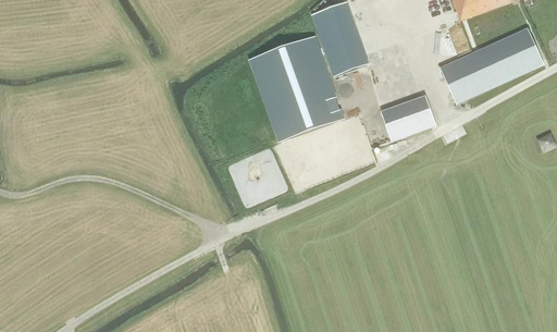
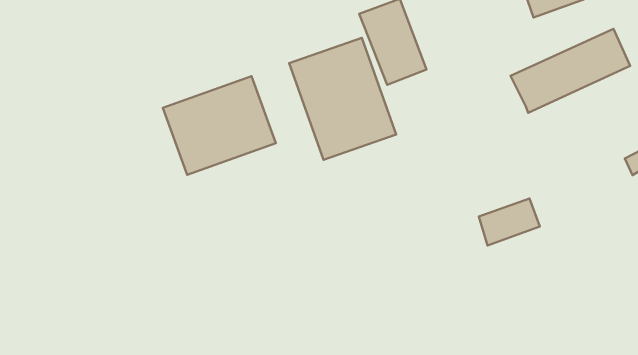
building: none -> [163,76,276,175]
building: [383,100,435,140] -> [479,199,540,246]

